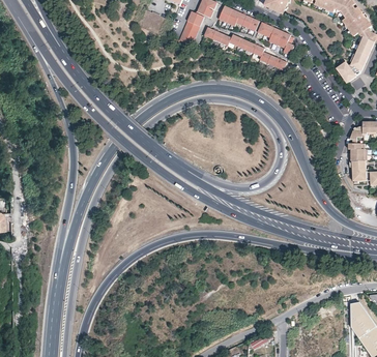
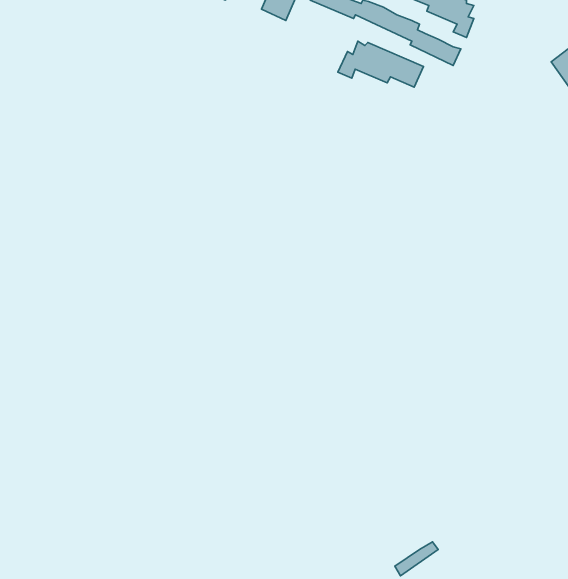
building: none -> [338,41,424,87]

